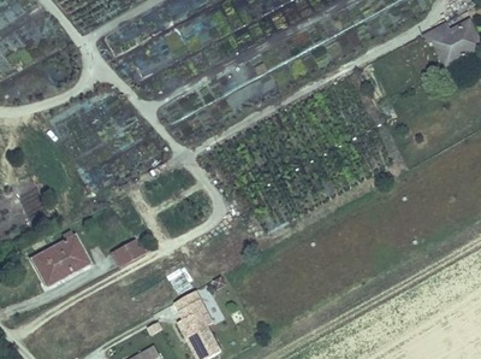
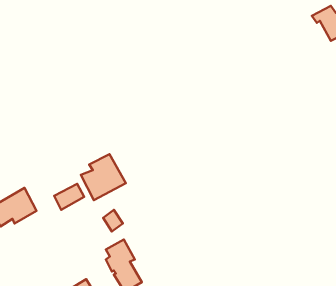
building: none -> [81,154,126,200]

